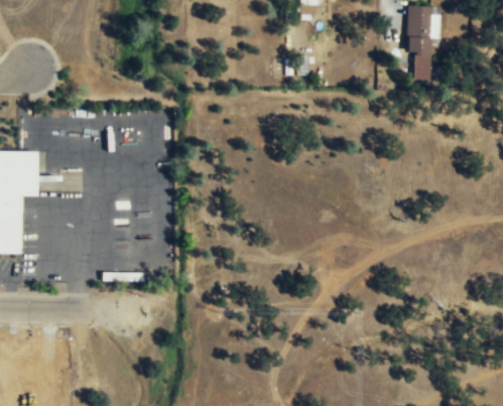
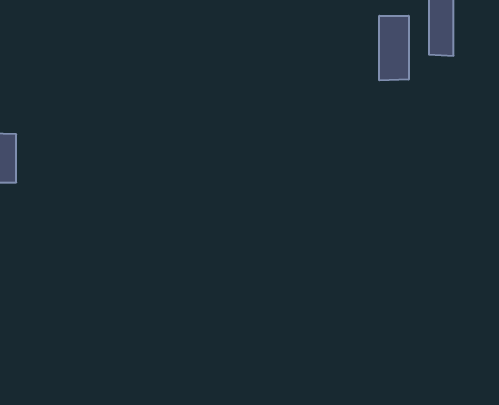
building: none -> [379,16,409,80]

